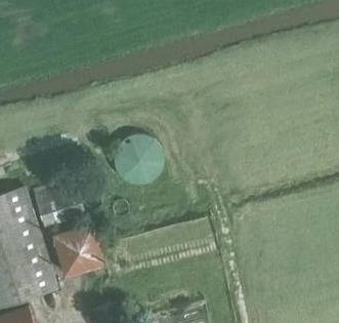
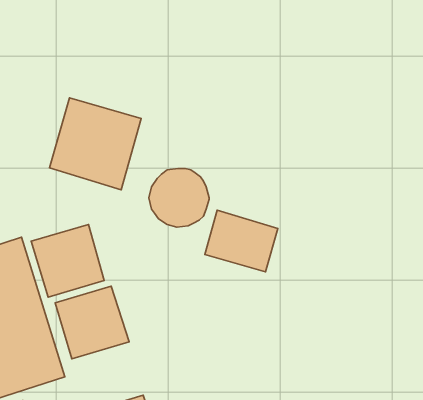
building: none -> [49,98,141,190]
building: none -> [205,210,278,272]

